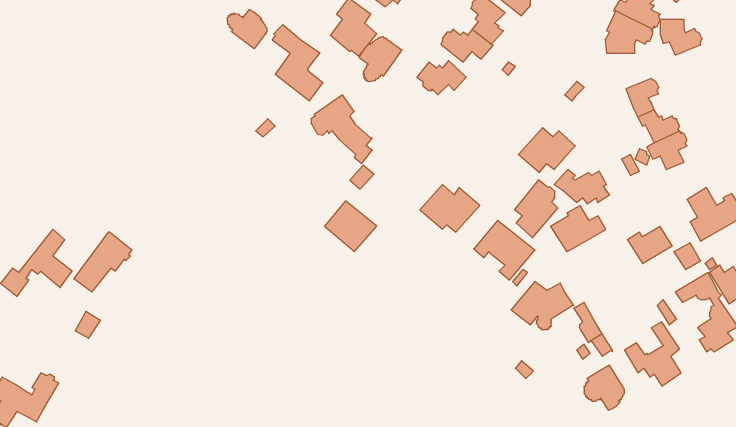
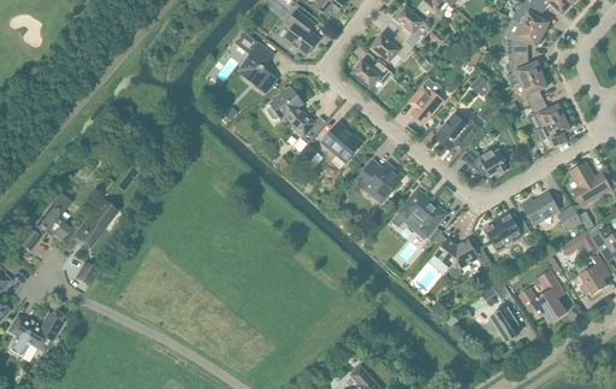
building: [227,9,267,49] -> none
building: [660,19,702,55] -> [509,53,543,82]
building: [359,37,402,82] -> none
building: [515,180,558,238] -> [409,77,444,124]
building: [325,201,377,252] -> [321,120,363,161]
building: [550,206,606,252] -> [485,211,529,248]

